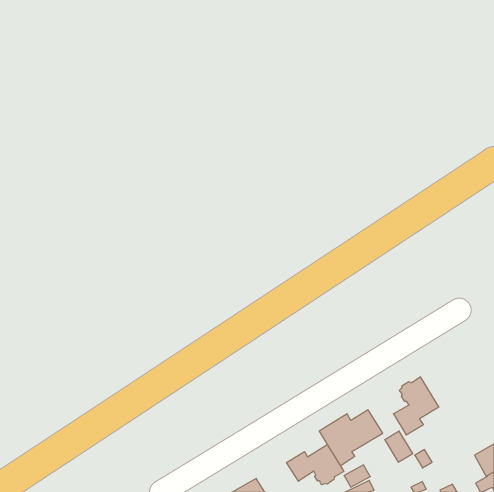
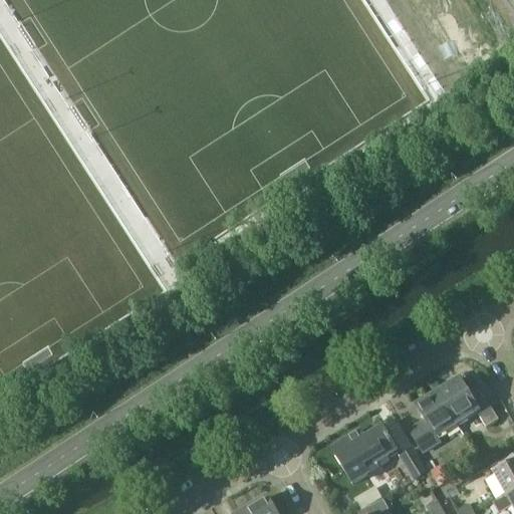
building: none -> [437,378,497,426]
building: [287,445,344,485] -> none

